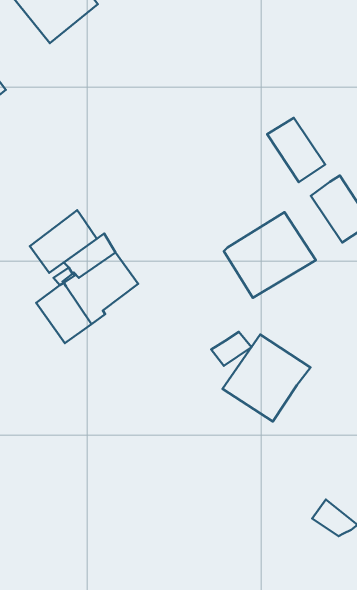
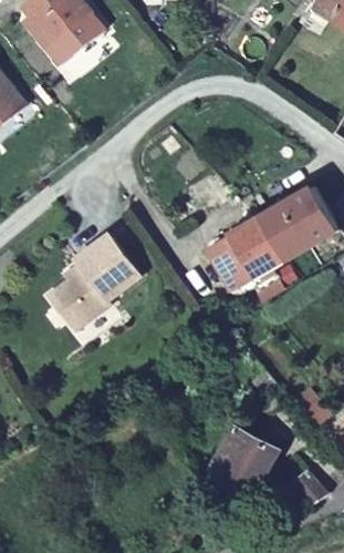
building: [267,118,325,182] -> [265,201,316,257]
building: [30,210,97,273] -> none
building: [222,335,311,422] -> [200,422,278,499]

